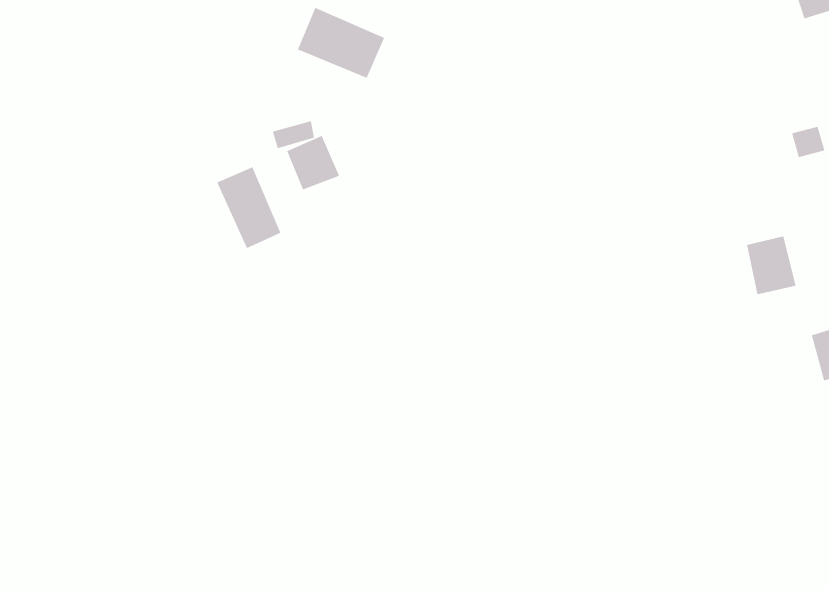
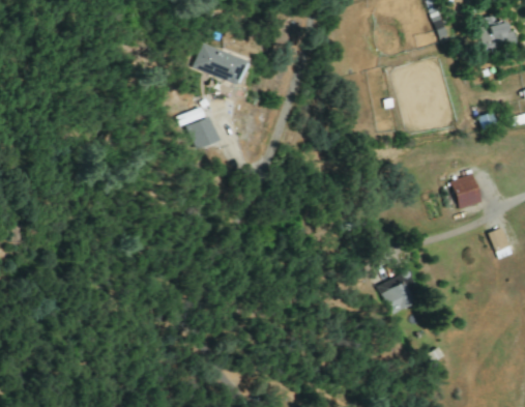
building: [216,166,282,249] -> none
building: none -> [379,273,416,313]

